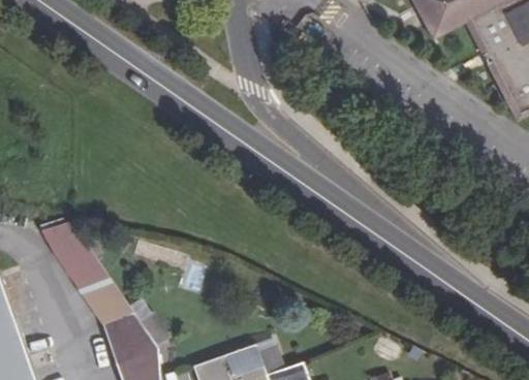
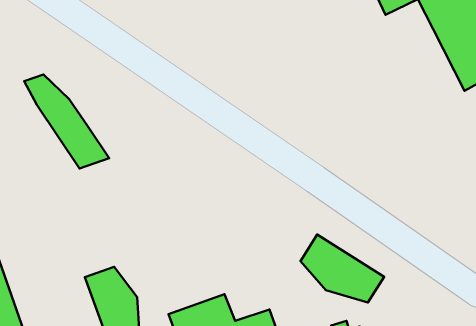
building: [41,222,133,324] -> [24,75,109,169]
building: none -> [301,235,384,303]

